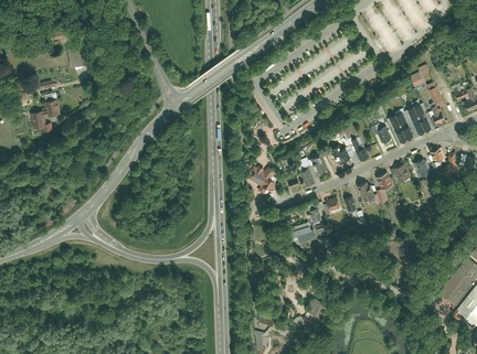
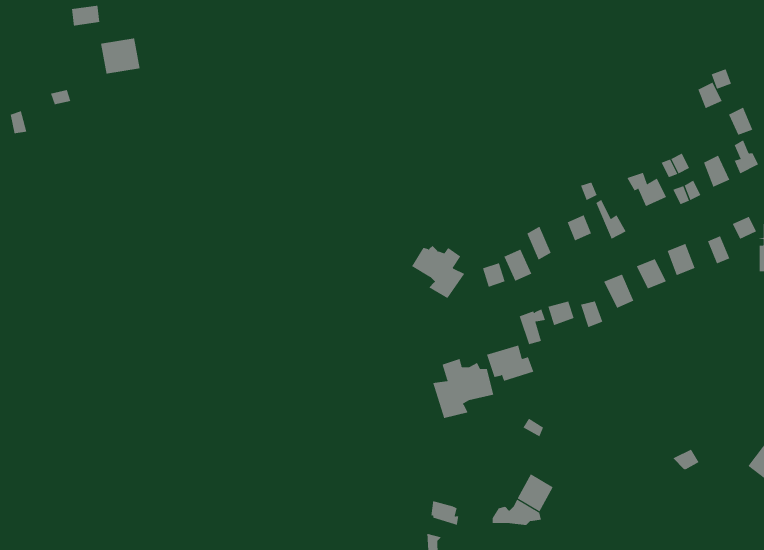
building: [29,94,60,133] -> none
building: none -> [432,358,494,419]

